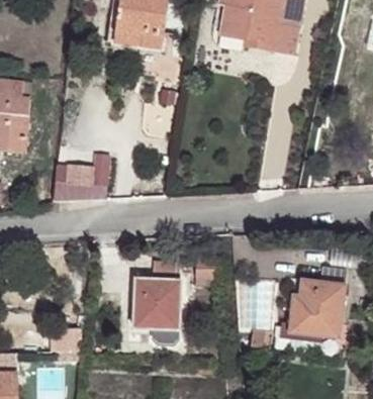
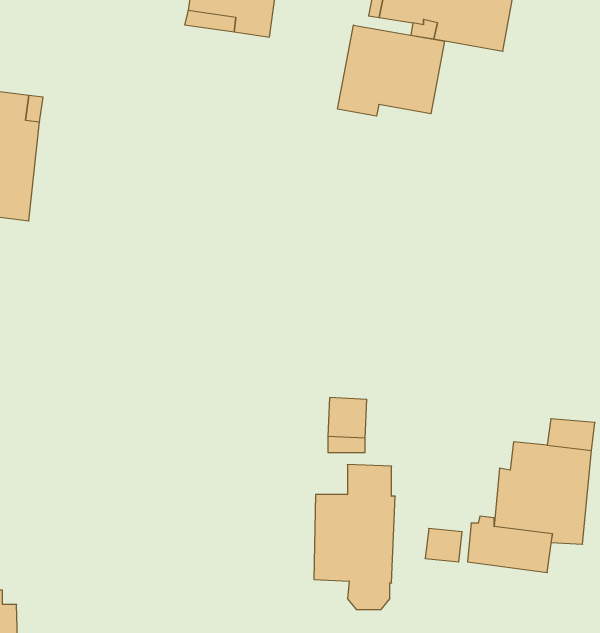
building: none -> [338,25,444,116]
building: [65,154,109,201] -> none
building: [133,261,180,343] -> [314,465,395,609]

